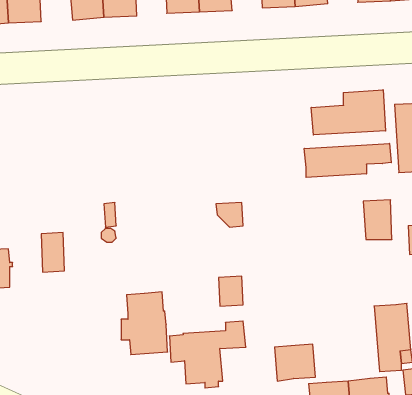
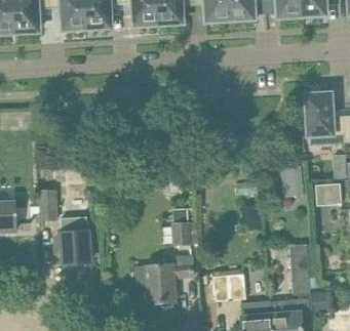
building: [311,90,386,135] -> none
building: [304,143,391,177] -> none
building: [121,292,168,355] -> [55,216,90,263]

